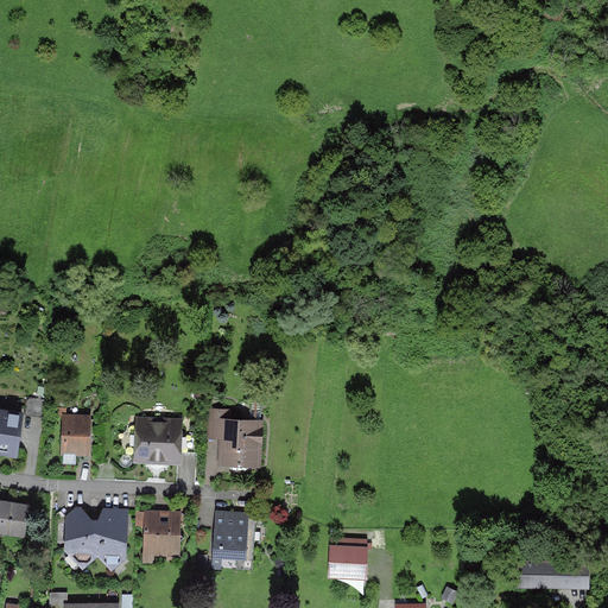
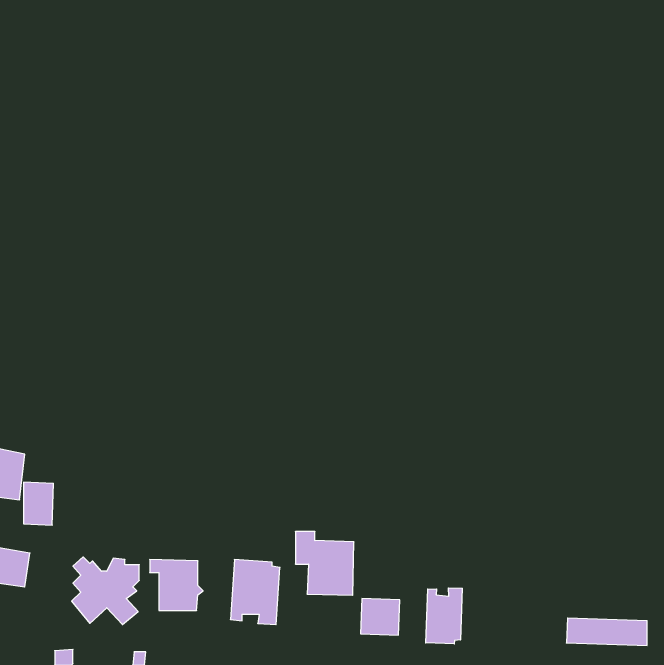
building: [208,410,261,468] -> [295,532,354,595]
building: [62,417,89,456] -> [24,482,53,525]
building: [132,418,183,463] -> none
building: none -> [426,588,462,644]

